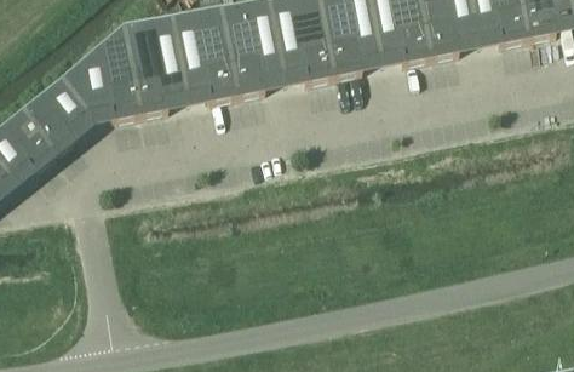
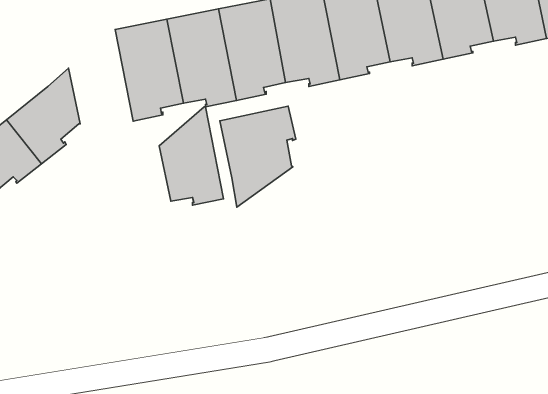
building: [78,29,138,121] -> [159,107,224,205]
building: none -> [220,106,296,207]

